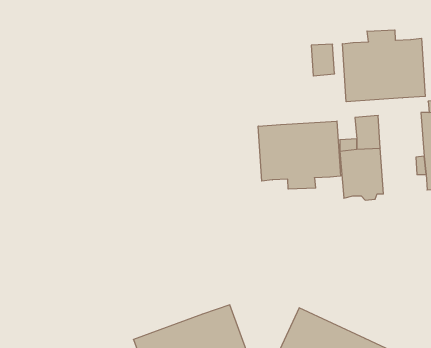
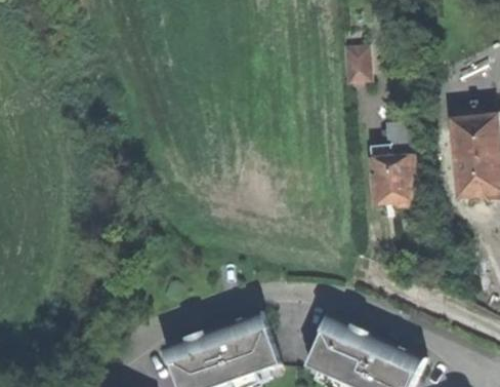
building: [342,30,425,102] -> none
building: [258,121,340,189] -> none

